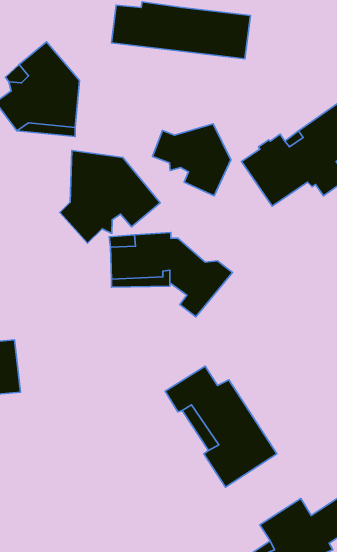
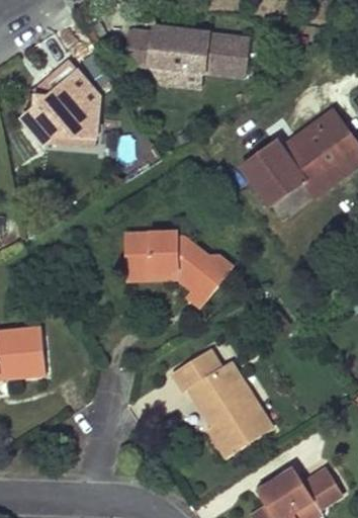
building: [153,124,231,196] -> none
building: [60,150,160,243] -> none

